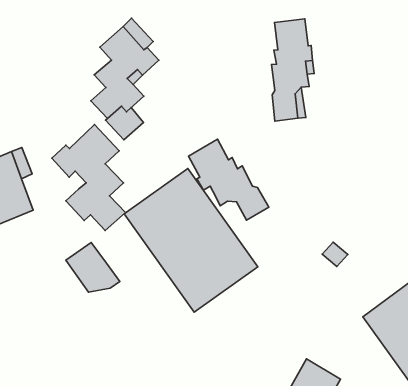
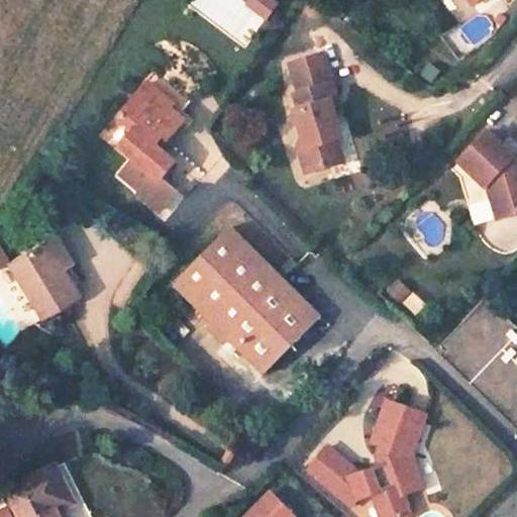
building: [52,125,125,230] -> none
building: [188,139,269,220] -> none
building: [66,243,120,292] -> none

